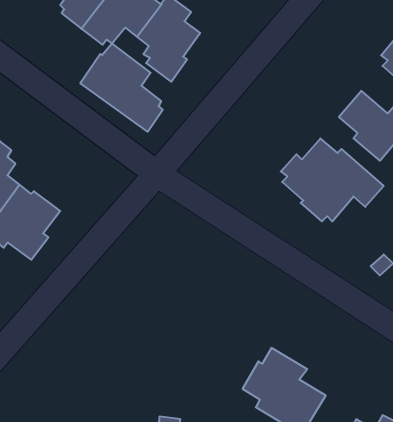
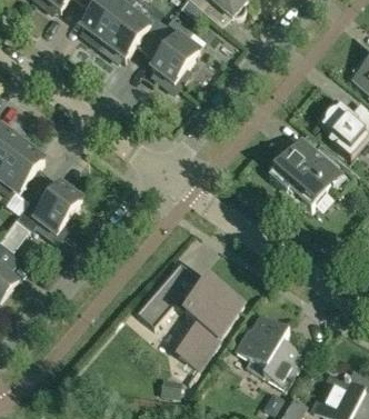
building: [80,43,163,132] -> none
building: none -> [138,263,245,368]

